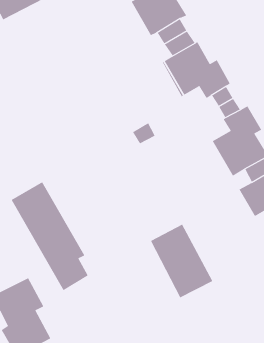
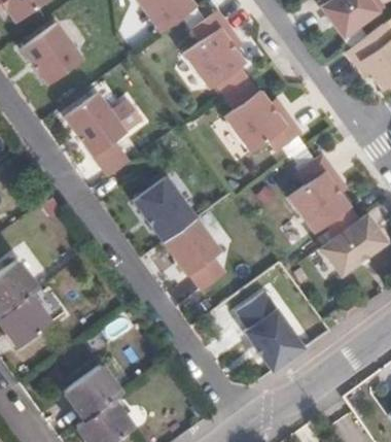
building: none -> [64,96,145,179]
building: [11,182,89,291] -> [134,178,227,295]

